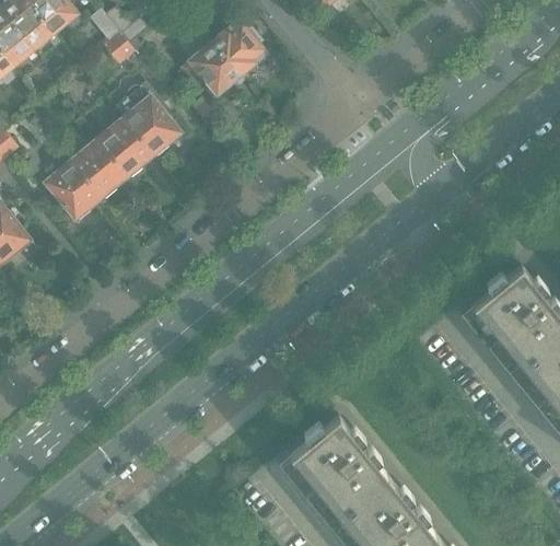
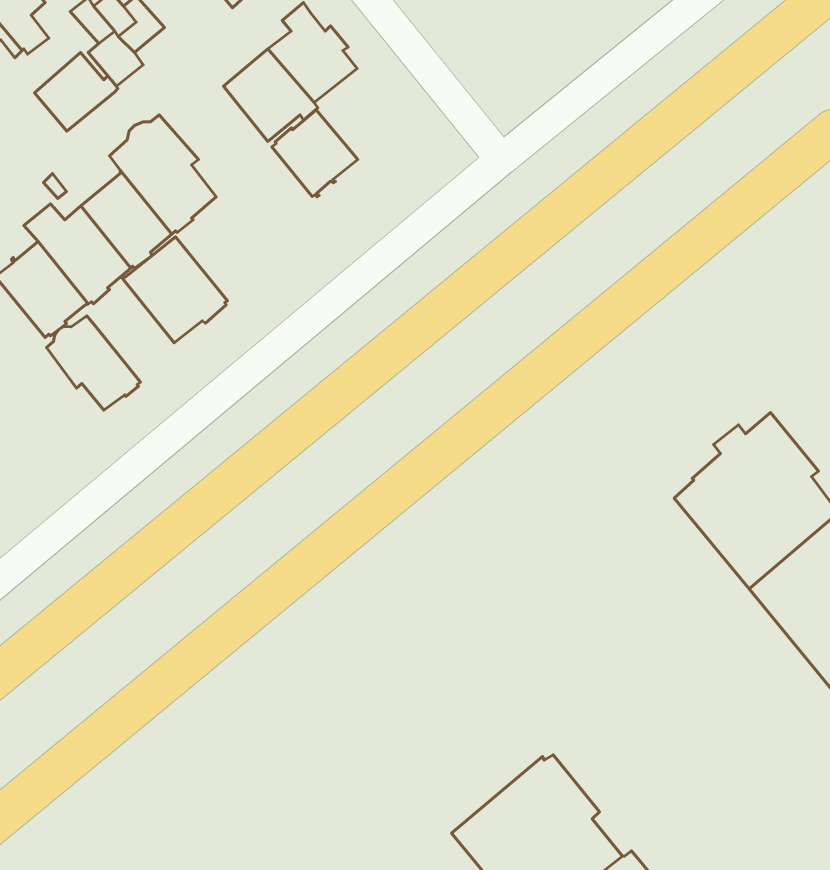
building: none -> [35,52,118,131]
building: none -> [272,109,358,197]
building: none -> [121,237,227,343]
building: none -> [46,316,141,410]
building: [280,415,382,522] -> none

